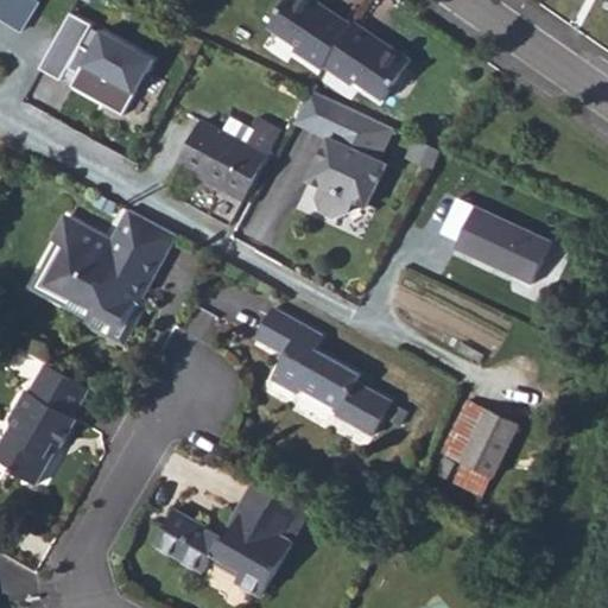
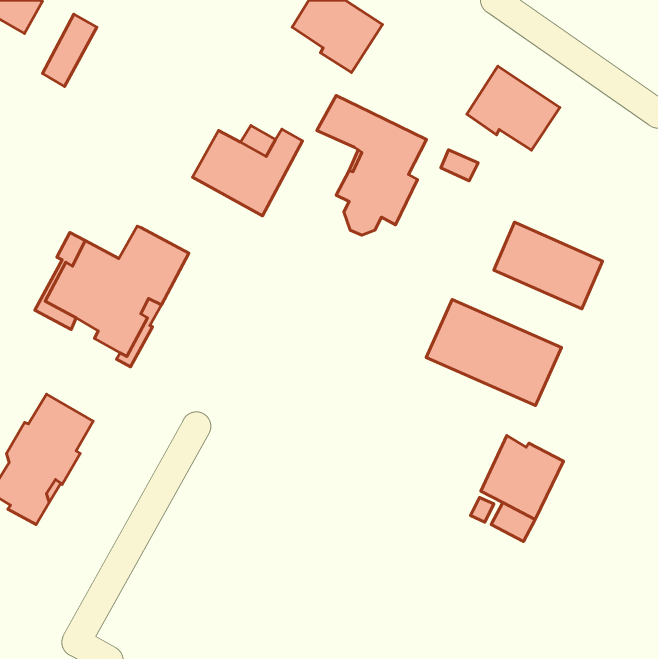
building: [325,20,411,97] -> [467,66,560,150]
building: [78,34,157,110] -> none
building: none -> [426,299,562,406]
building: [253,308,388,435] -> none
building: [150,490,294,600] -> none

